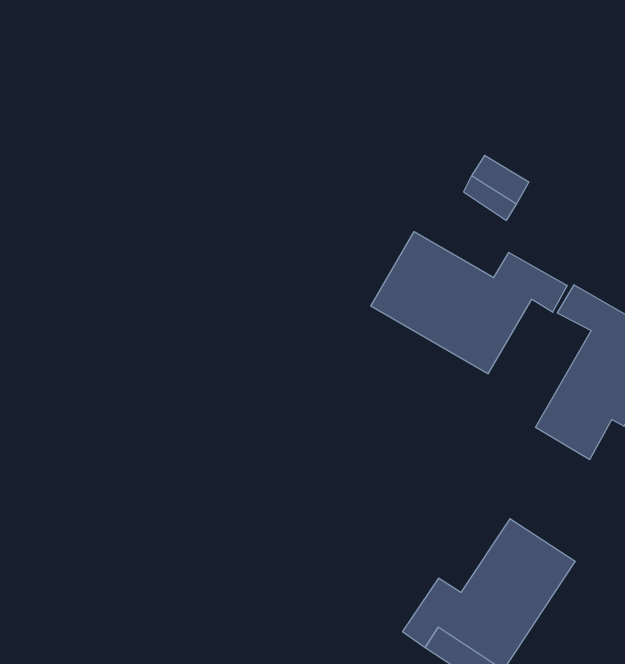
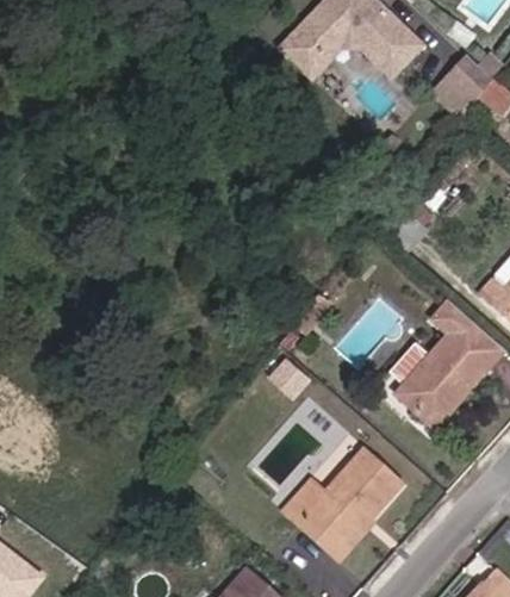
building: [371,232,567,374] -> none

